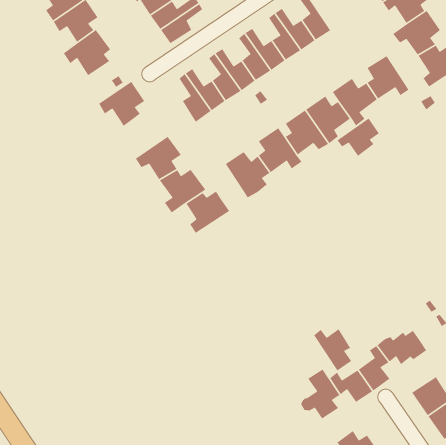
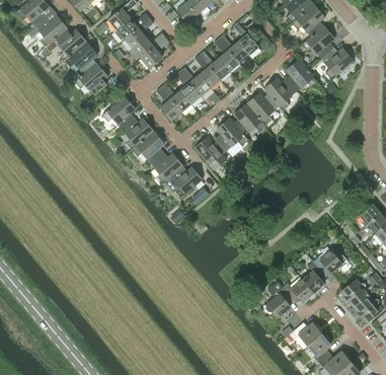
building: none -> [122,119,153,150]
building: [337,117,380,157] -> none
building: [313,328,352,372] -> none

